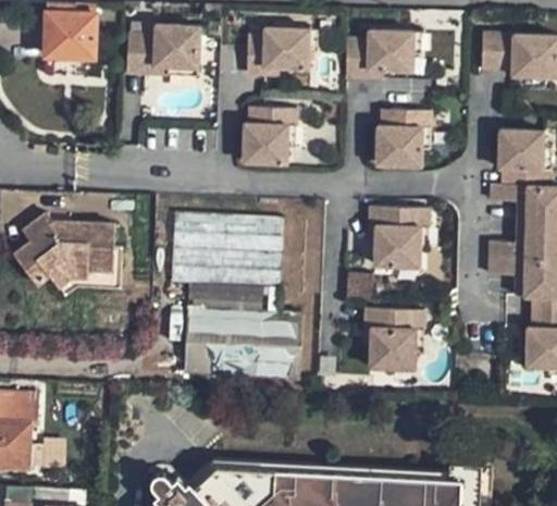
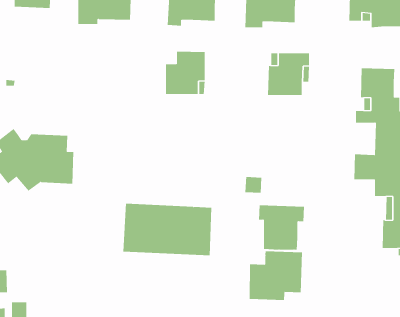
building: [172,210,283,313] -> none
building: [368,210,428,269] -> none
building: none -> [249,251,303,301]

